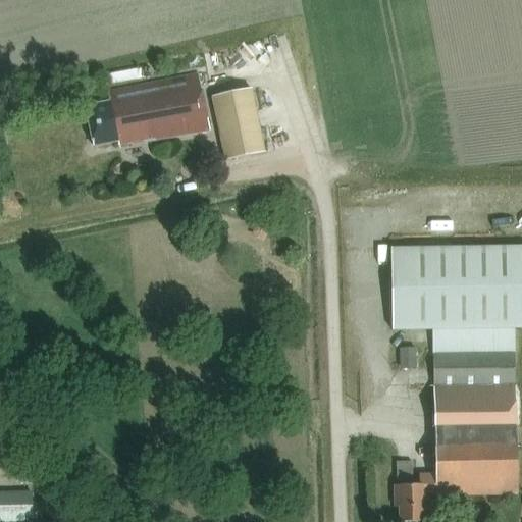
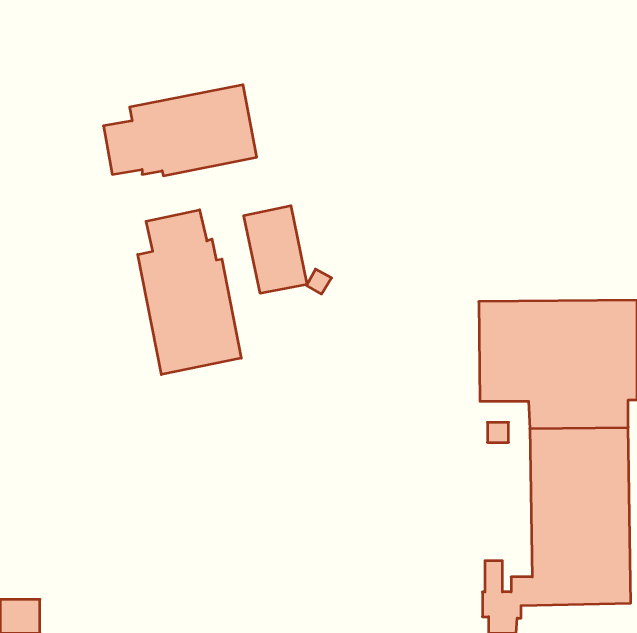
building: [214,87,266,158] -> [244,206,307,293]
building: none -> [138,210,241,375]

